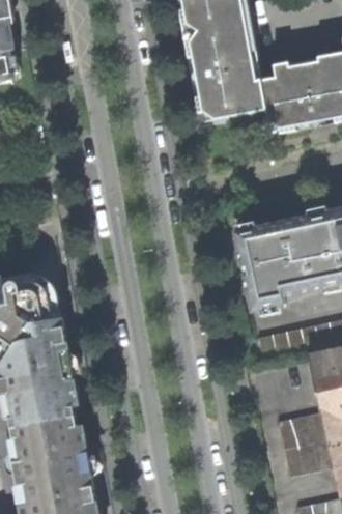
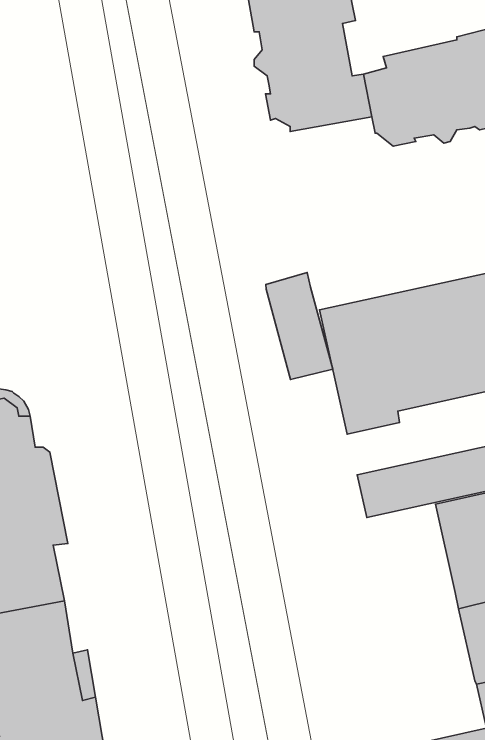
building: none -> [266,272,333,379]
building: [277,412,332,478] -> none

